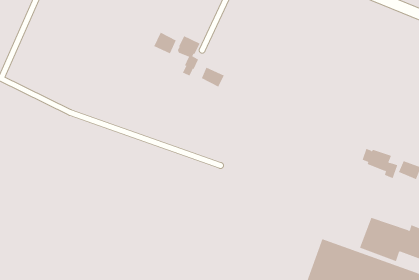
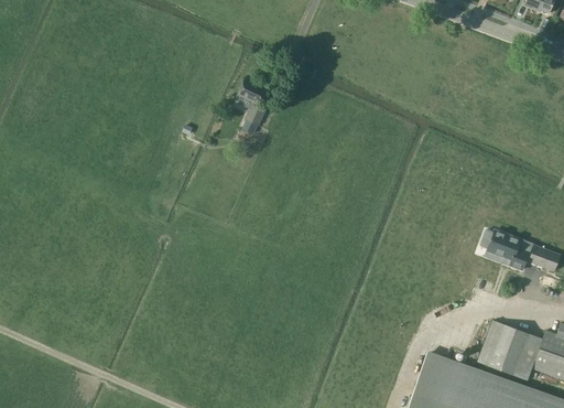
building: [154,32,176,54] -> none
building: [201,67,224,87] -> none

